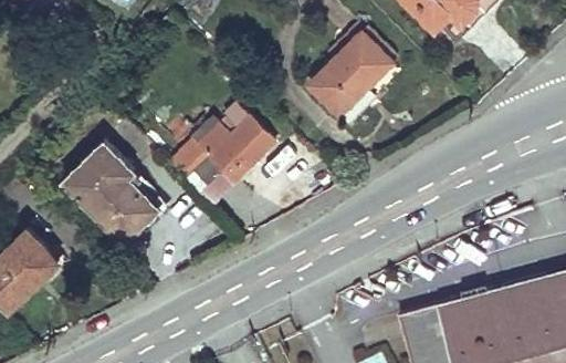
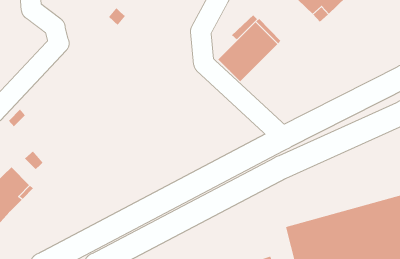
building: [168,120,274,184] -> none
building: [63,144,158,245] -> none

